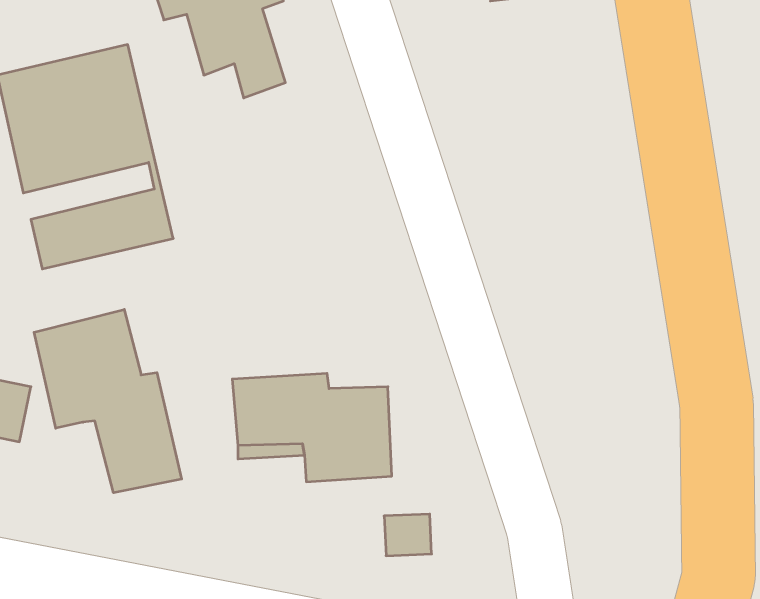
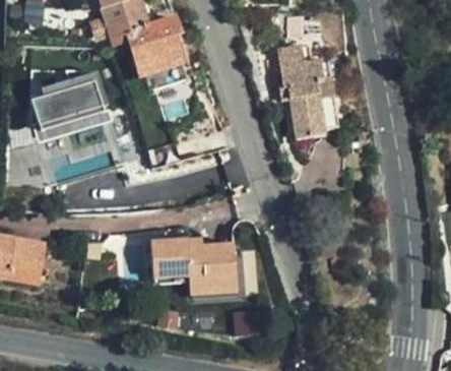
building: none -> [280,46,338,139]
building: [34,309,182,493] -> none

